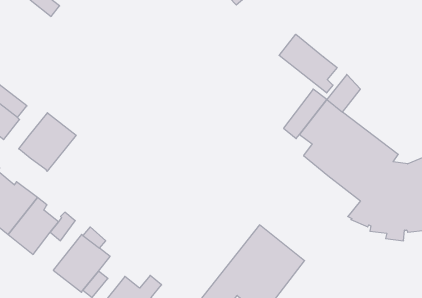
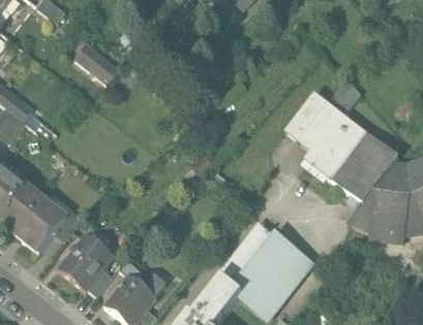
building: [279,34,337,93] -> none
building: none -> [73,43,118,83]
building: [19,113,76,171] -> none

